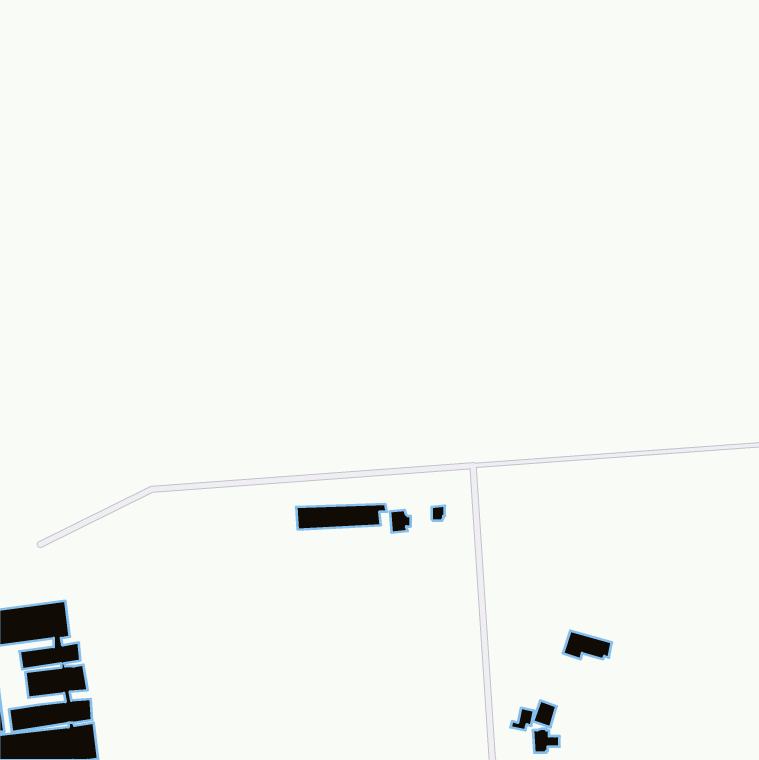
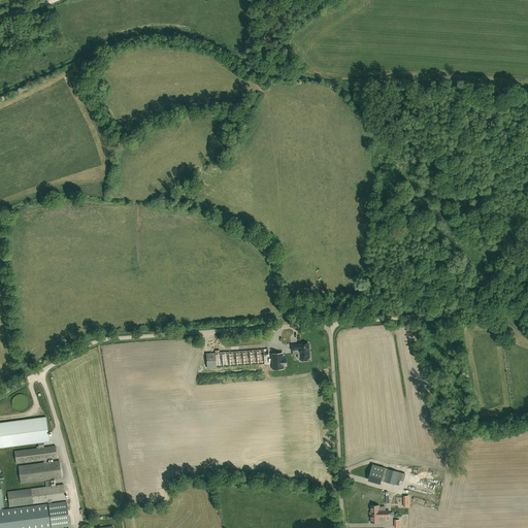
building: [563,631,612,659] -> [367,465,401,485]

